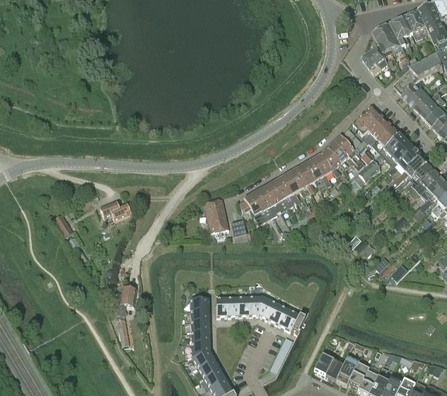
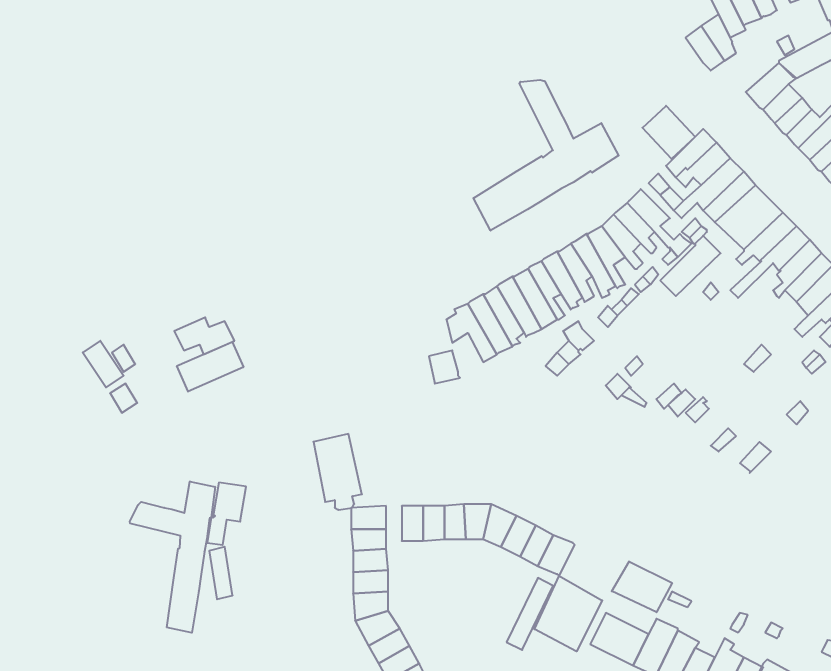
building: none -> [473,80,619,231]
building: none -> [642,106,695,159]
building: [204,198,229,237] -> [313,434,362,510]
building: none -> [177,342,243,392]
building: none -> [130,481,215,633]
building: none -> [612,561,672,612]
building: none -> [534,576,602,651]

